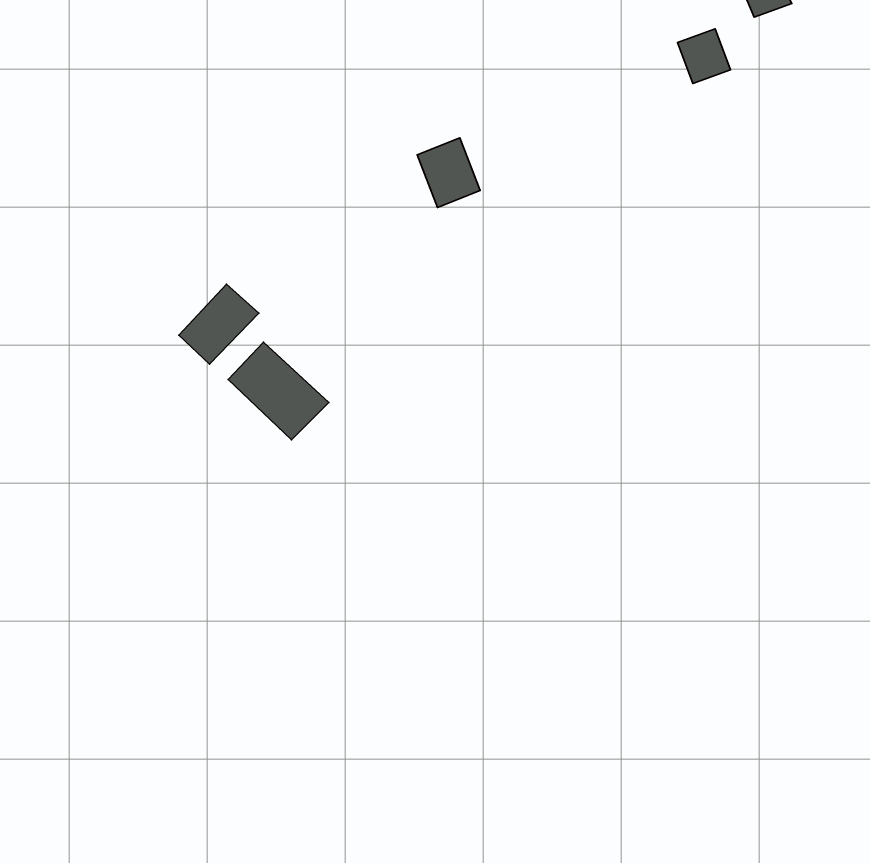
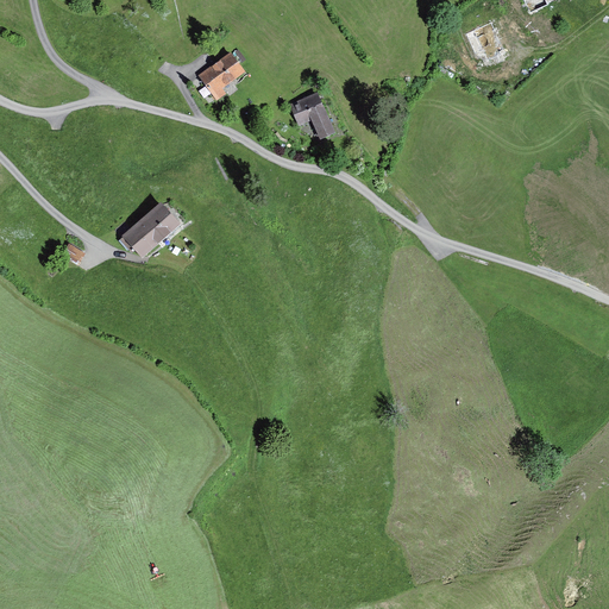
building: none -> [197,50,244,98]
building: [228,342,329,440] -> none

